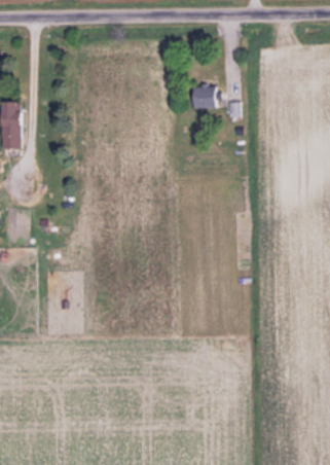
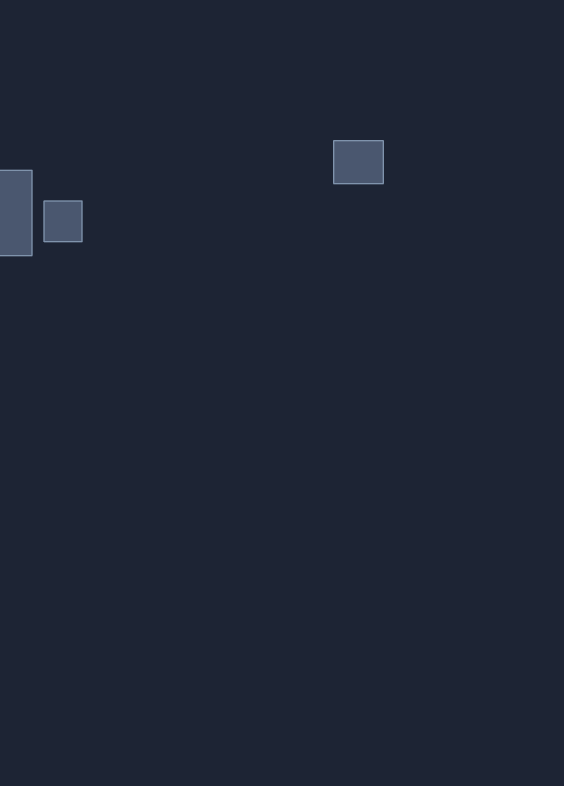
building: none -> [44,201,82,242]

